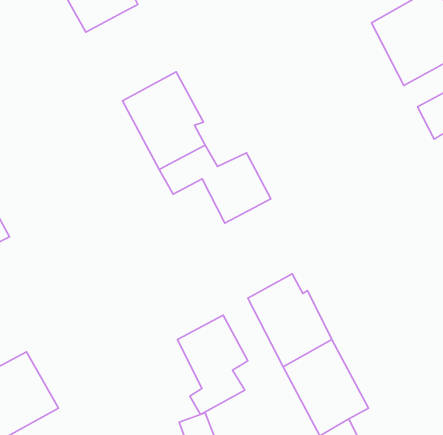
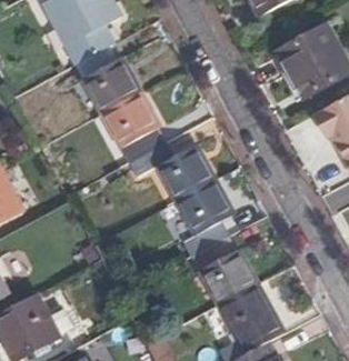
building: none -> [77,42,142,109]
building: [177,315,248,415] -> [178,180,229,252]

